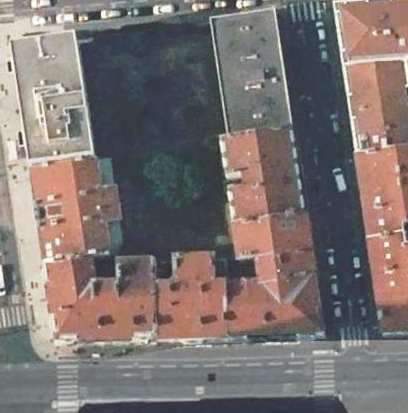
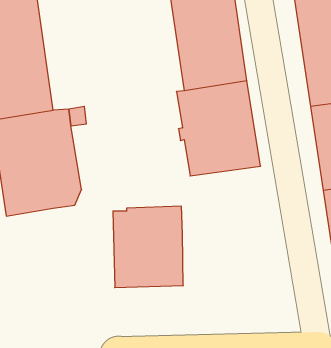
building: [225,211,323,333] -> none
building: [45,254,156,339] -> none

